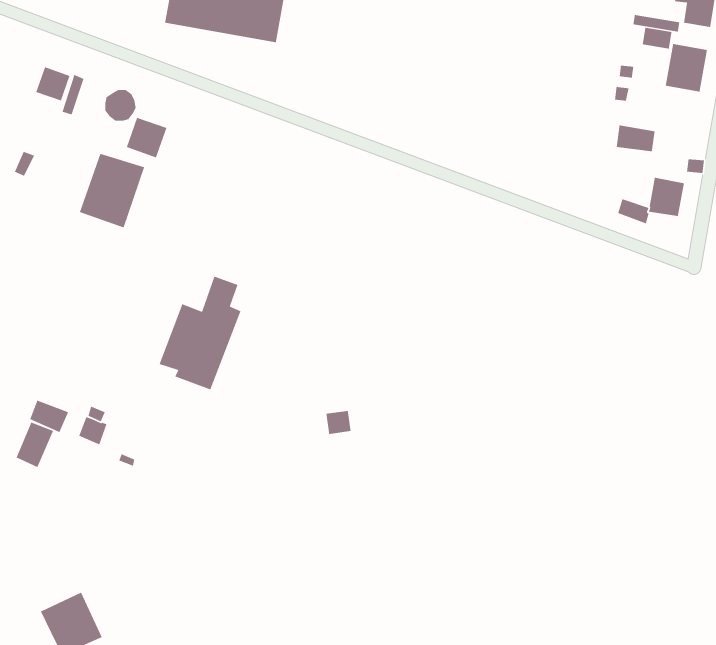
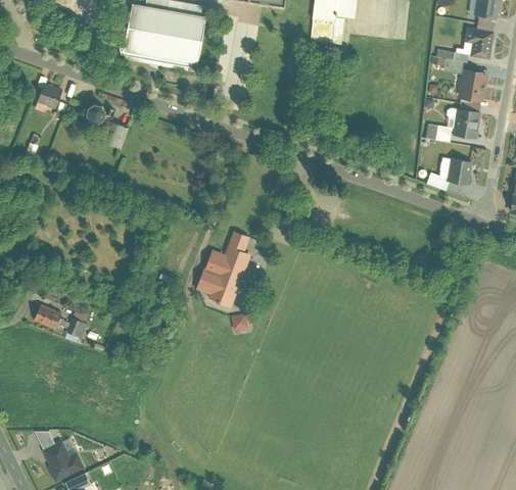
building: none -> [451,109,478,140]
building: [79,153,145,228] -> none
building: [159,275,242,391] -> [196,232,251,308]
building: [16,422,54,468] -> none

